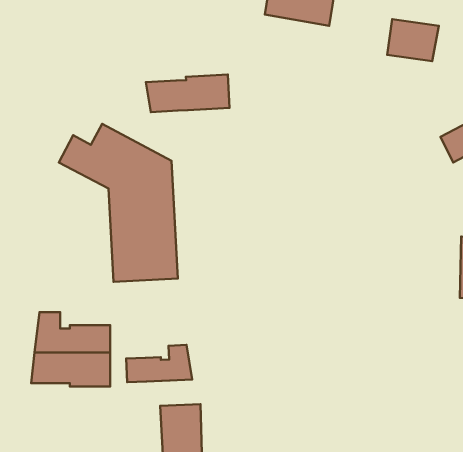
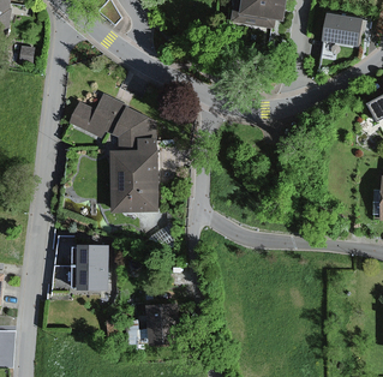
building: [146,75,230,112] -> none
building: [126,345,192,382] -> none

